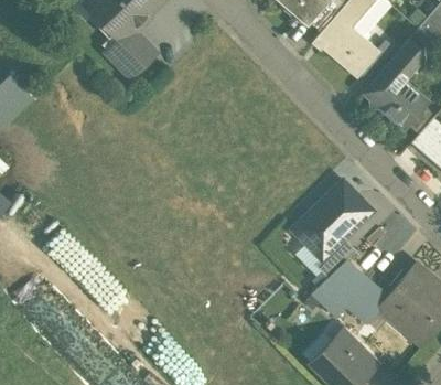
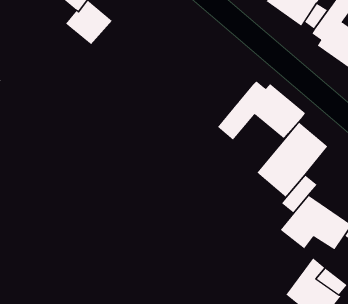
building: none -> [217,80,306,141]

